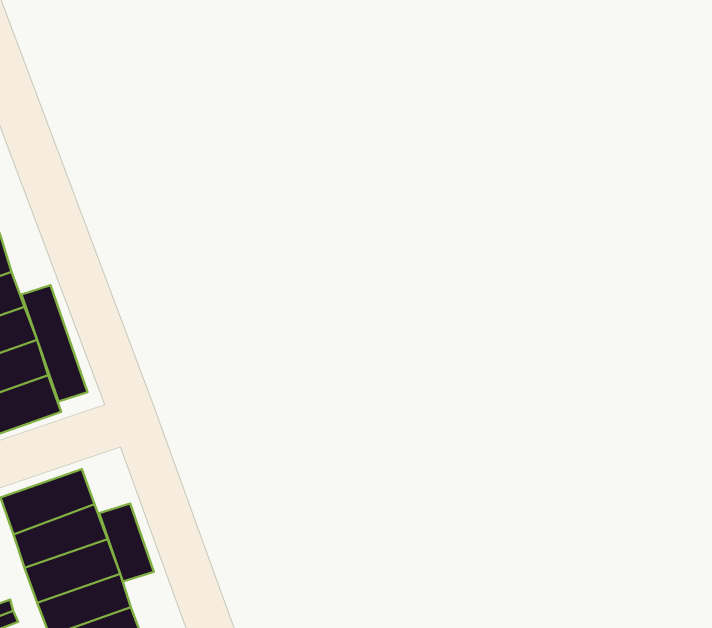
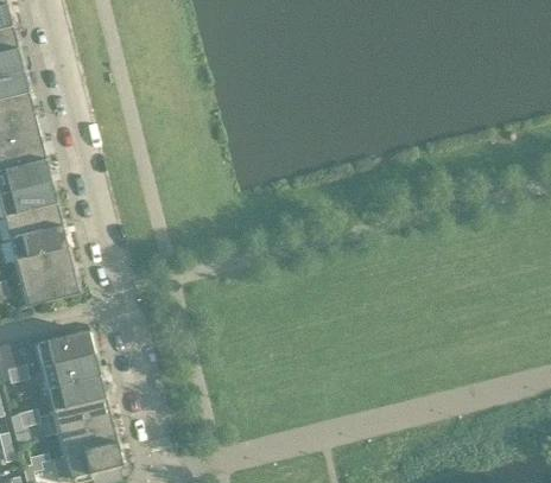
building: [21,285,88,402] -> none
building: [99,503,154,582] -> none

